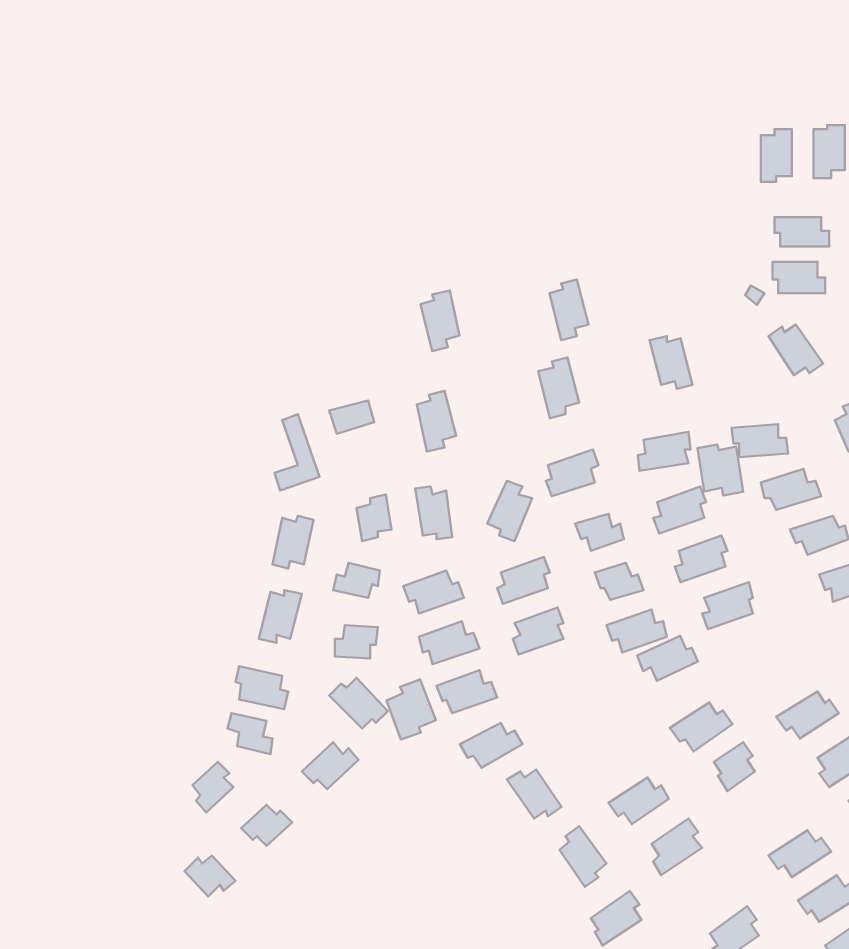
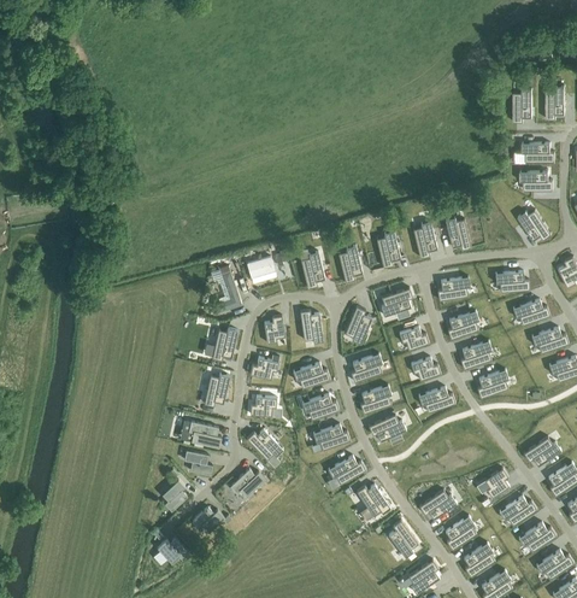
building: [549,280,589,340] -> [412,219,436,257]
building: [420,291,459,351] -> [337,244,361,281]
building: [697,445,743,496] -> none
building: [637,636,698,681] -> [367,412,405,440]
building: [386,680,436,740] -> none
building: [670,703,732,751] -> [497,494,536,524]
building: none -> [463,541,494,575]

